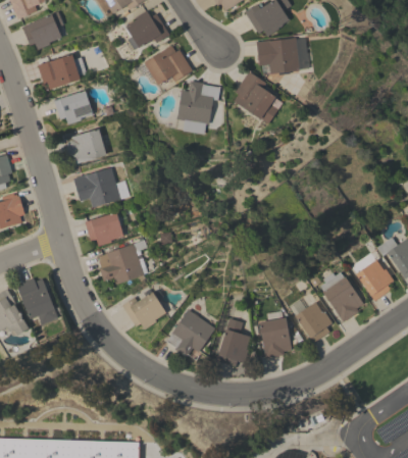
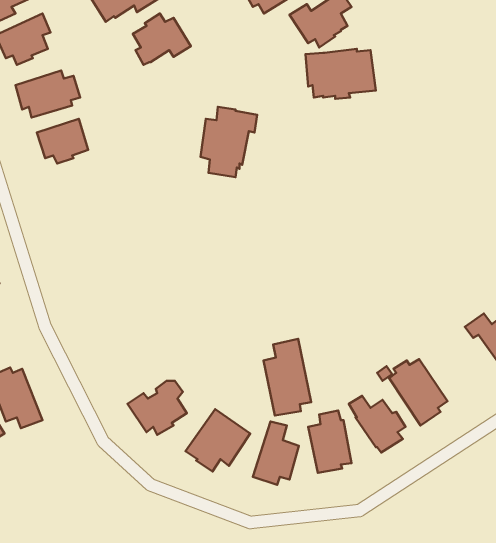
building: [135,45,192,86] -> none
building: [233,72,282,123] -> none
building: [63,129,106,166] -> none
building: [72,167,129,208] -> none
building: [85,211,128,246] -> none
building: [96,240,147,285] -> none
building: [350,253,393,301] -> none
building: none -> [263,339,311,416]

